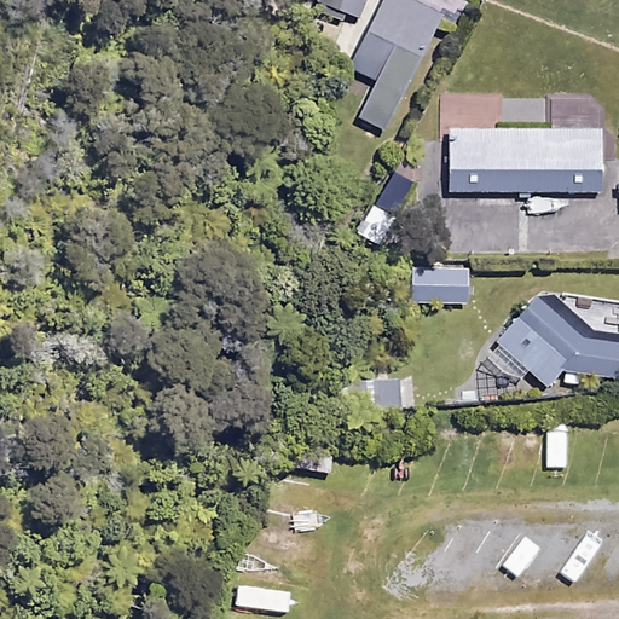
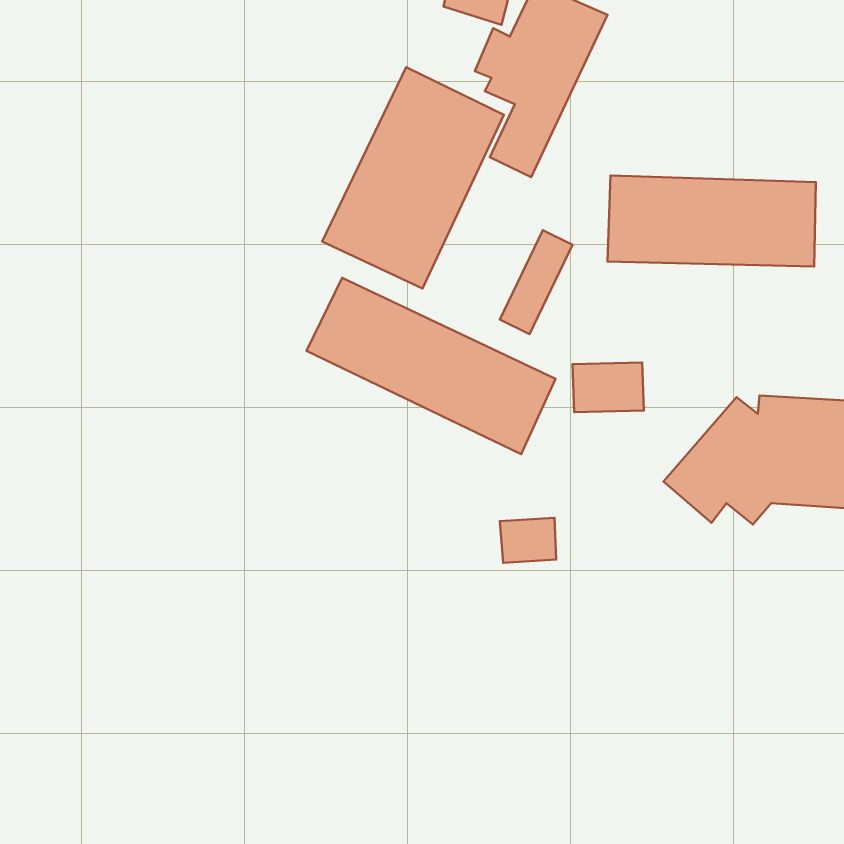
building: none -> [322,67,504,289]
building: none -> [306,278,556,454]

